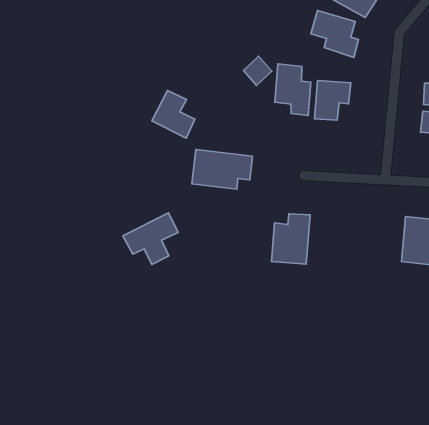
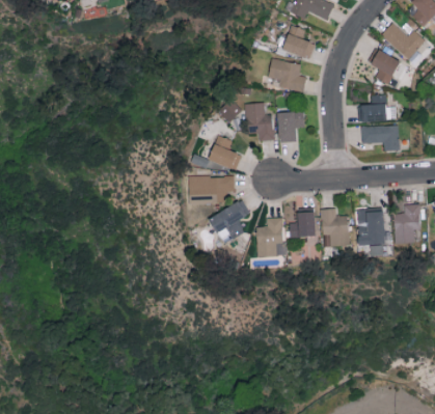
building: [152,90,195,138] -> [208,135,241,170]
building: none -> [321,209,348,246]
building: none -> [289,212,315,237]
building: [123,213,178,264] -> [208,198,250,240]

